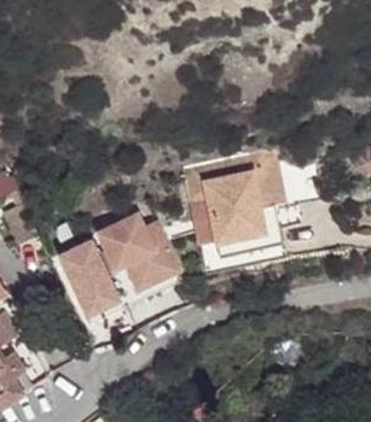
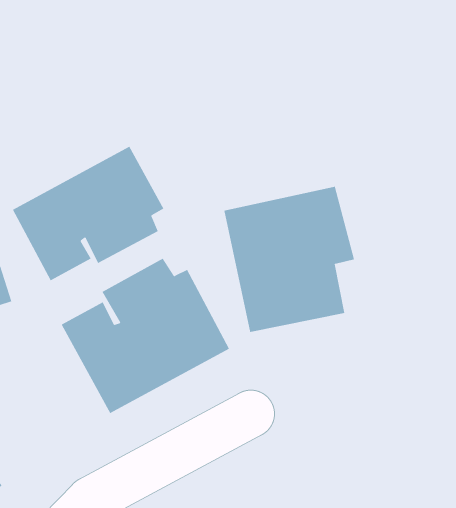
building: none -> [12,146,164,281]

